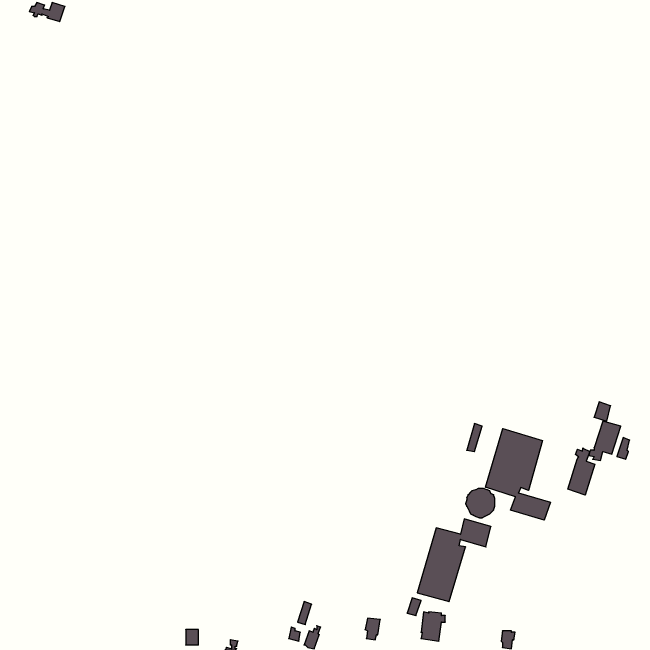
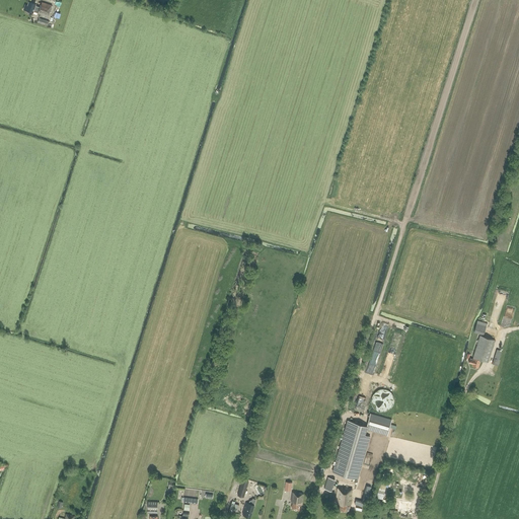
building: [485,429,550,520] -> none
building: [568,448,595,495] -> none

